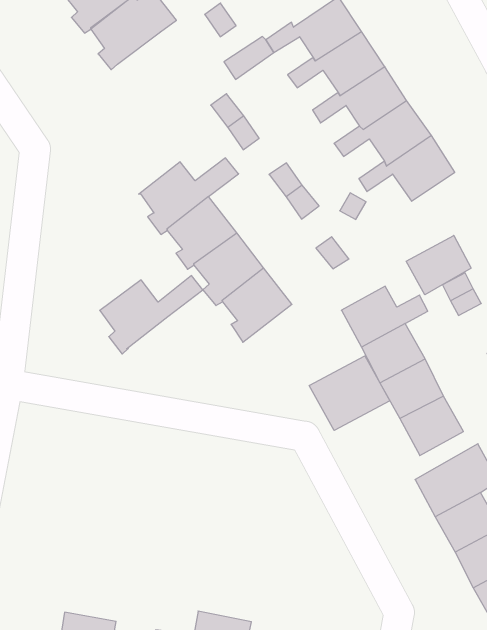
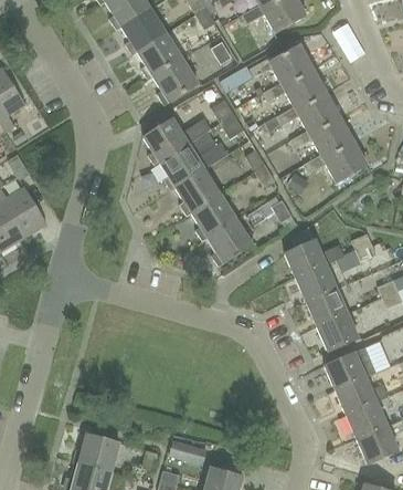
building: none -> [151,58,198,105]
building: [406,235,471,295] -> none
building: [100,276,203,354] -> [142,118,211,166]
building: [309,356,390,430] -> none

